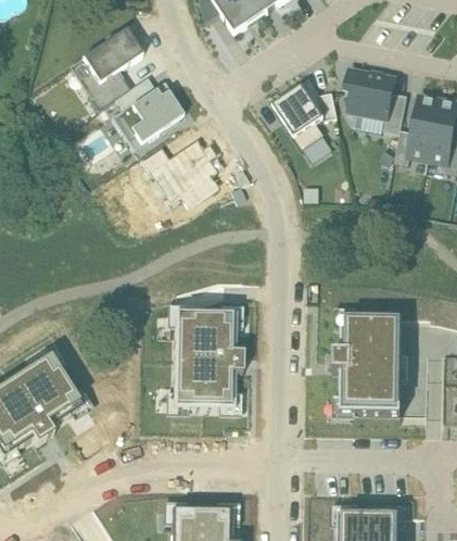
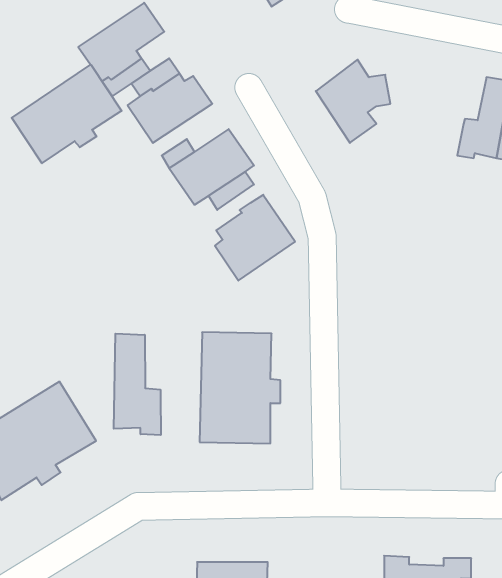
building: [345,68,407,133] -> none
building: none -> [12,65,122,163]
building: none -> [215,195,295,281]
building: none -> [114,334,161,435]
building: [333,317,401,411] -> none

